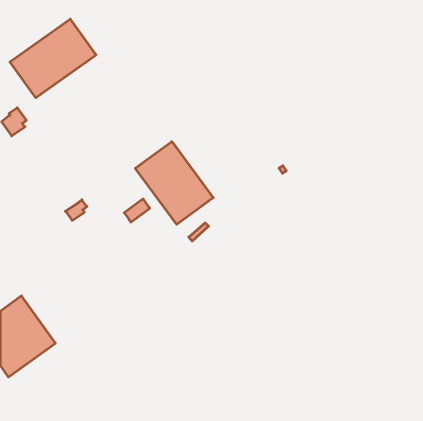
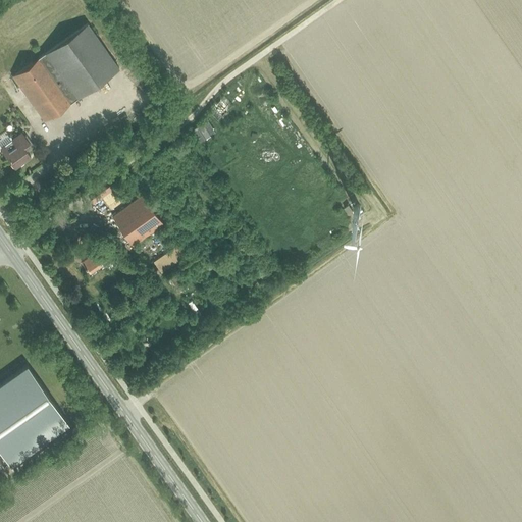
building: [135,142,213,224] -> none
building: none -> [112,197,162,247]

